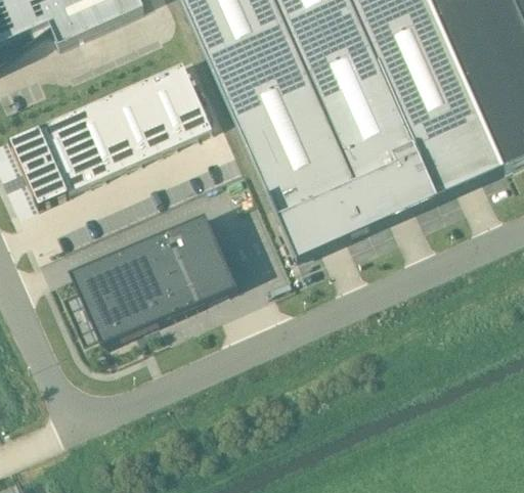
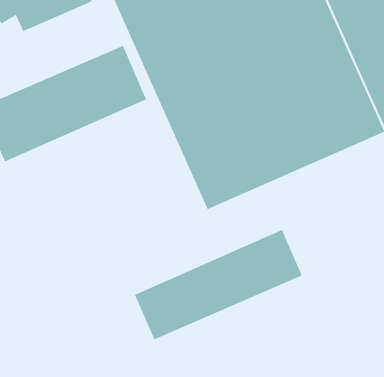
building: [84,208,246,338] -> none
building: none -> [134,229,302,340]

